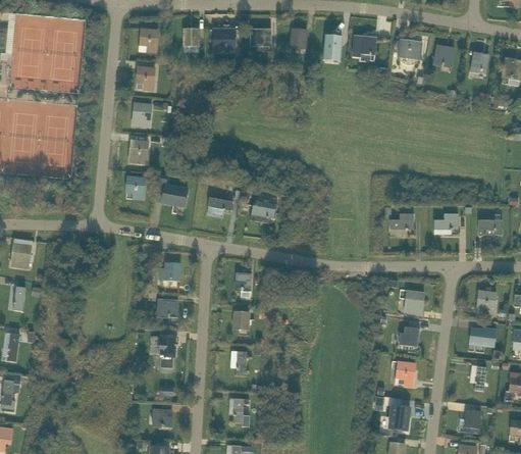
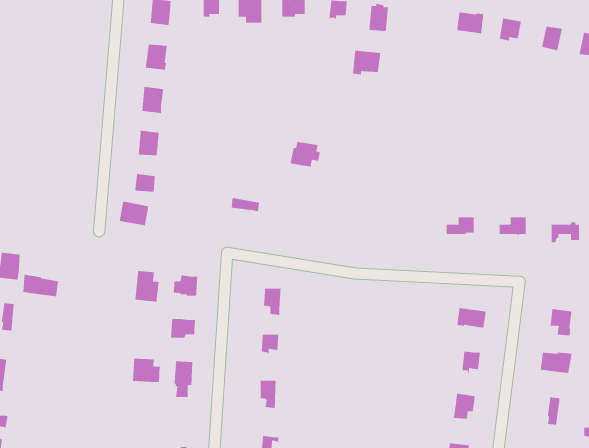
building: [352,35,376,56] -> [352,50,381,75]
building: [162,185,188,206] -> [119,201,149,226]
building: [250,200,276,222] -> [290,141,321,168]
building: none -> [134,270,159,302]
building: none -> [22,274,59,297]
building: none -> [132,358,161,383]

